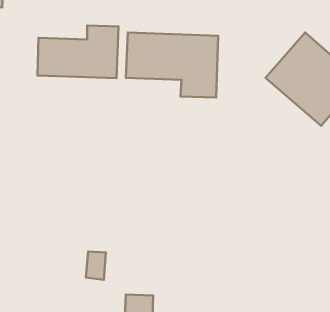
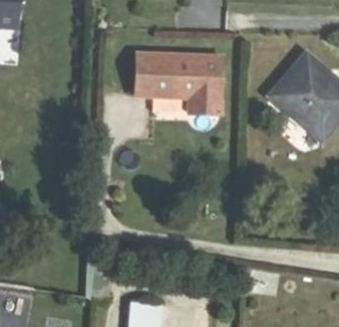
building: [37,25,118,78] -> none

